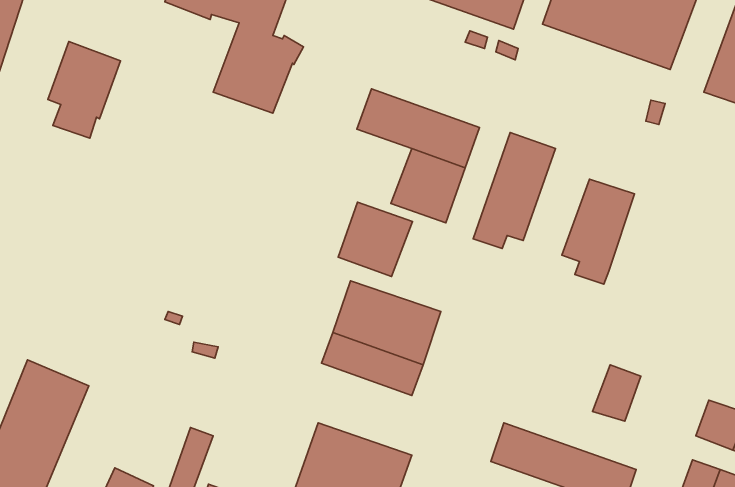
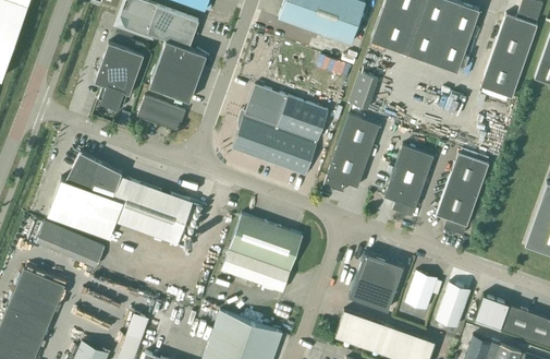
building: [48,42,121,138] -> [94,43,143,108]
building: none -> [349,72,378,109]
building: none -> [136,96,185,131]
building: none -> [436,148,488,235]
building: none -> [47,152,192,243]
building: [338,202,412,276] -> [232,111,282,161]
building: none -> [35,220,105,267]
building: none -> [347,252,403,310]
building: none -> [436,283,469,326]

